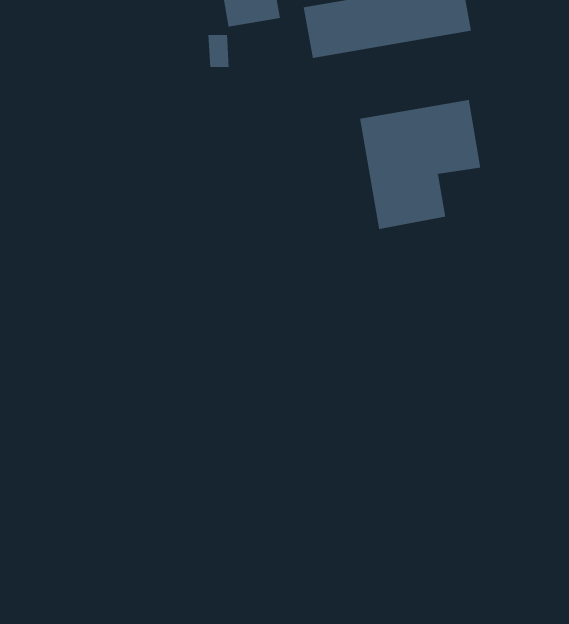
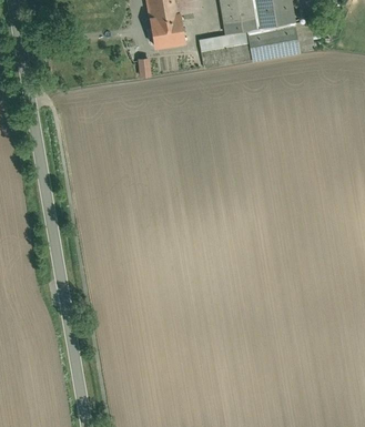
building: [359,99,481,230] -> none

